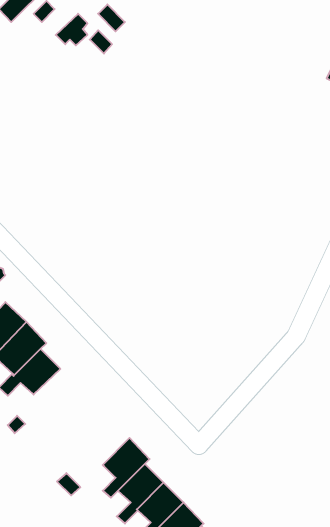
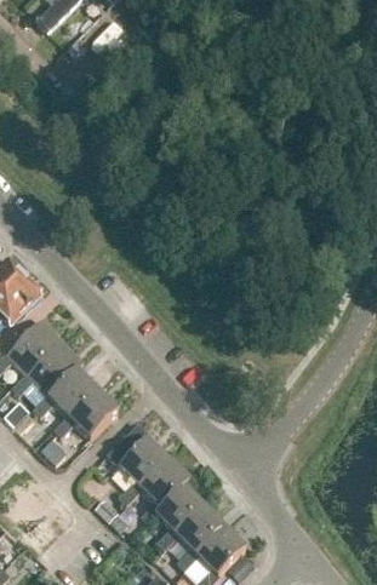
building: none -> [55,390,118,438]
building: none -> [107,425,168,506]

